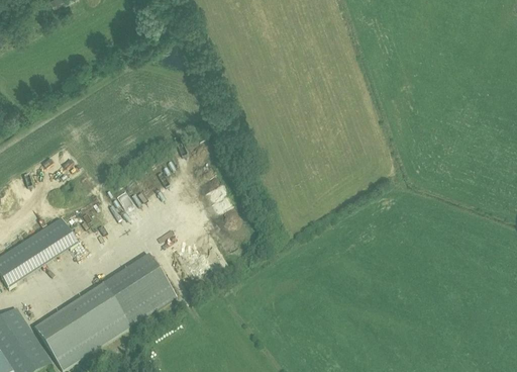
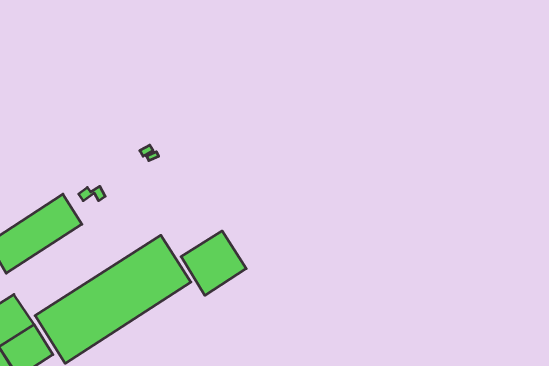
building: none -> [181,231,246,295]

